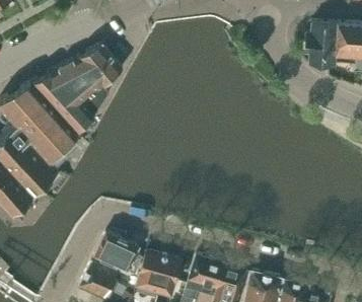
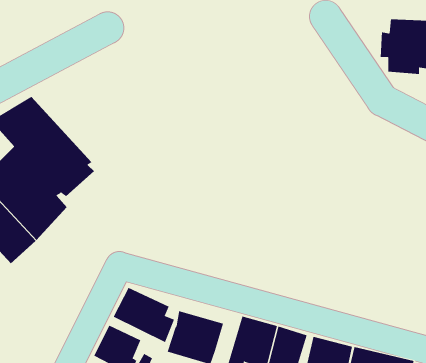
building: [31,44,123,131] -> none

